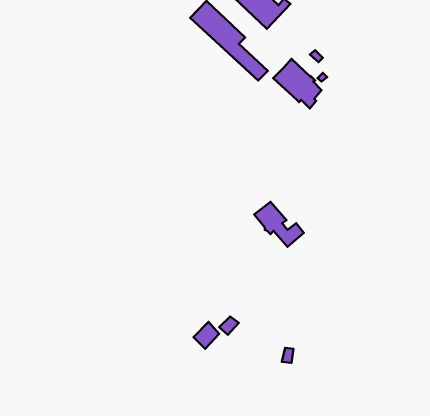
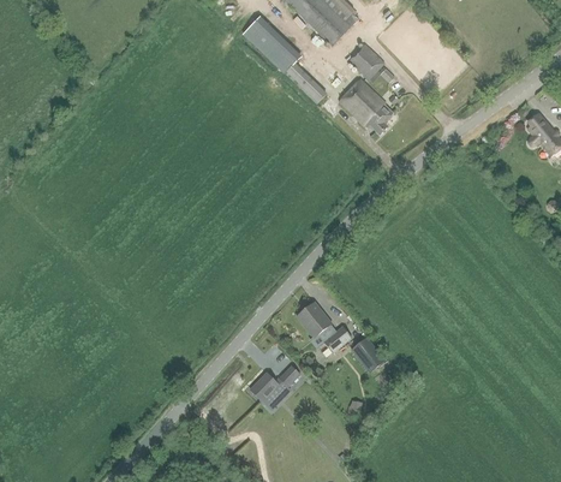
building: none -> [347,43,382,79]
building: [254,202,304,247] -> [294,302,350,352]
building: none -> [351,337,384,371]

